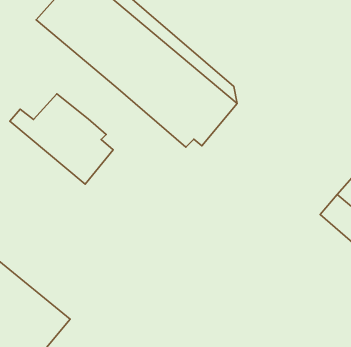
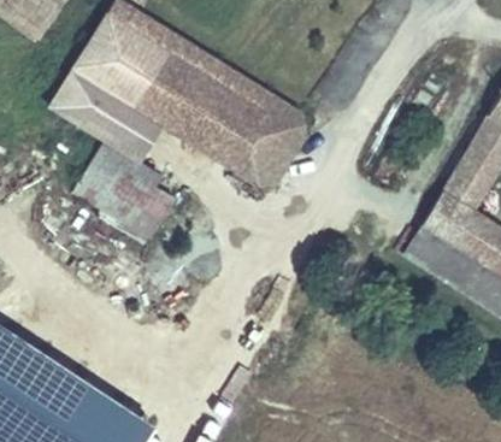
building: none -> [52,81,171,181]

